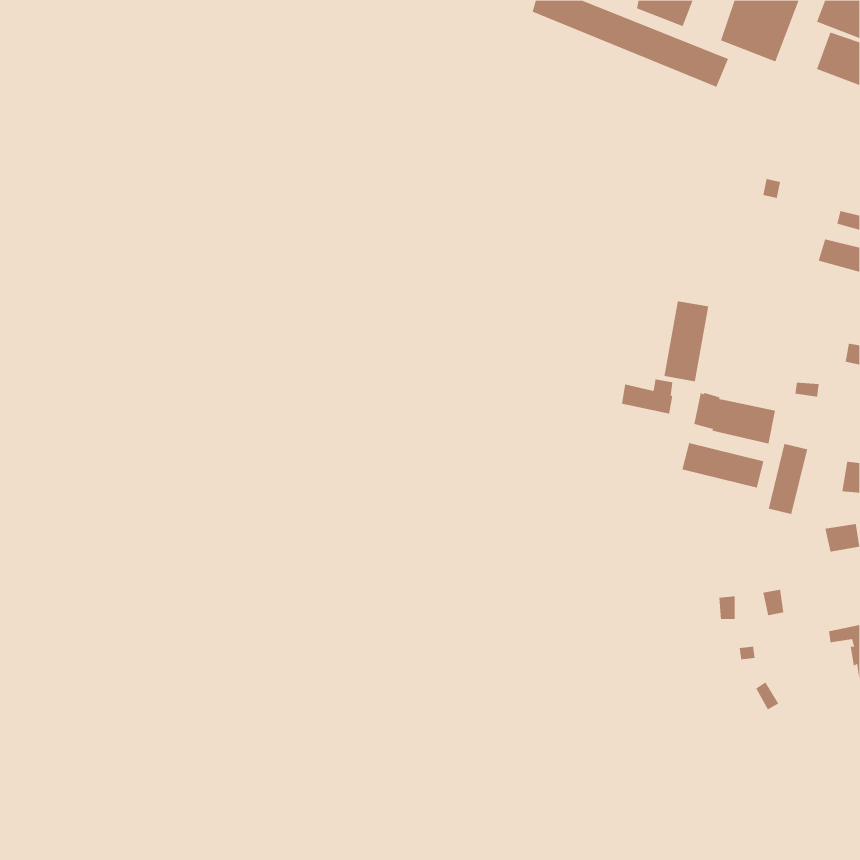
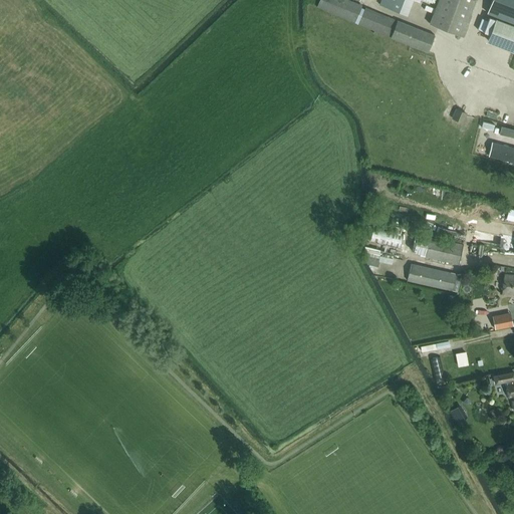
building: [664,300,709,382] -> none
building: [768,443,808,515] -> none

